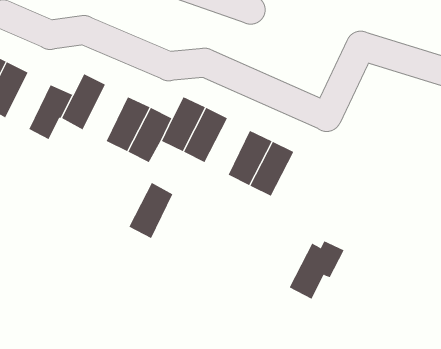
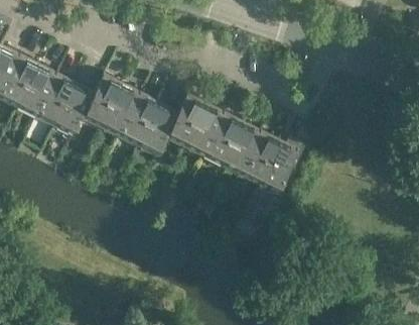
building: none -> [37,76,75,123]
building: none -> [102,86,139,133]
building: [129,182,173,239] -> [203,114,241,161]
building: [289,240,345,300] -> [259,140,305,190]

